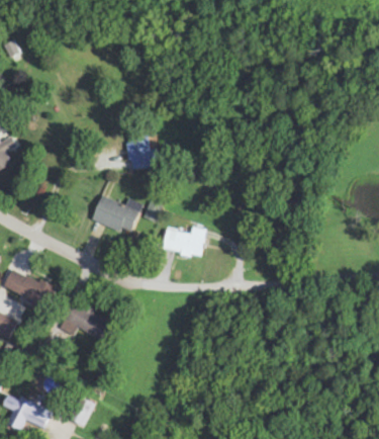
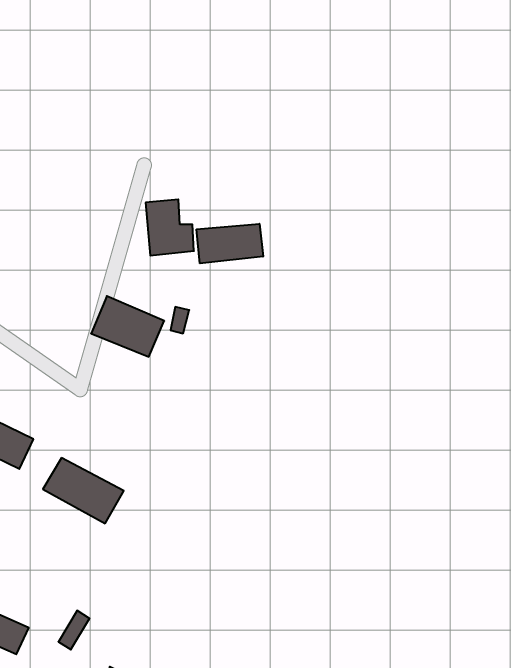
building: none -> [197,224,263,263]
building: [162,226,205,256] -> none

